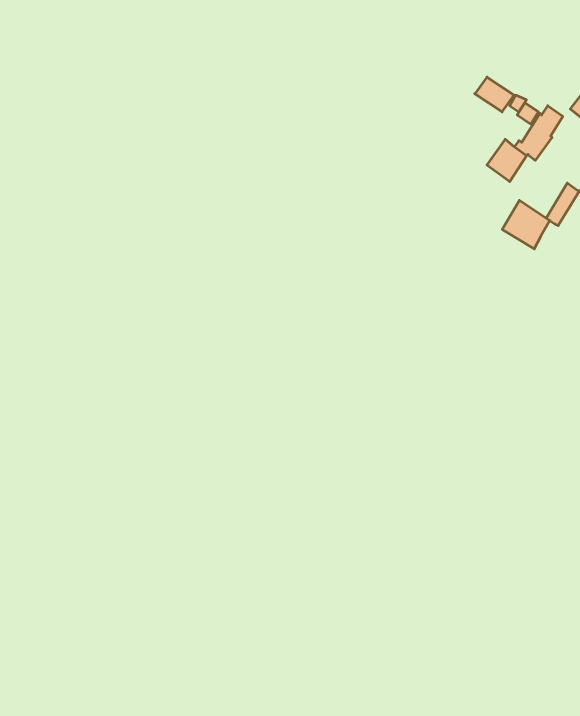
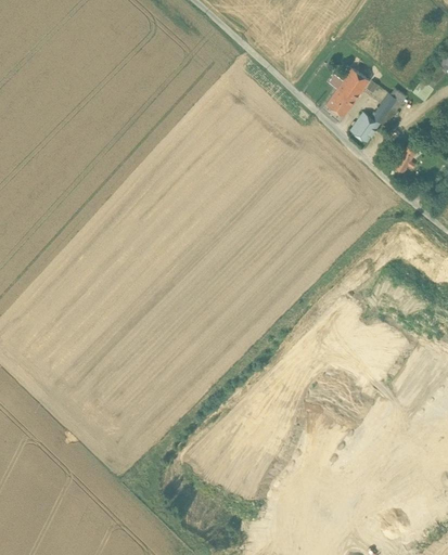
building: none -> [325,76,360,117]
building: [502,200,550,249] -> none

